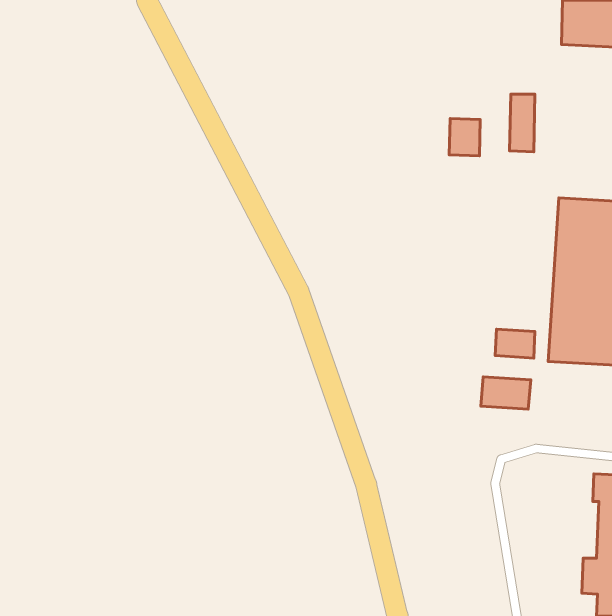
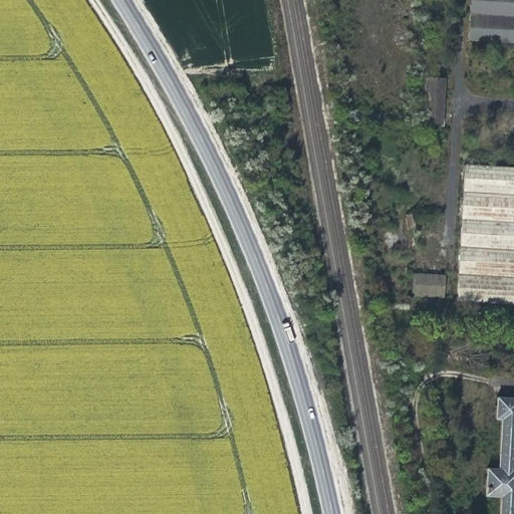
building: [449,118,480,156] -> none
building: [481,377,531,409] -> none

